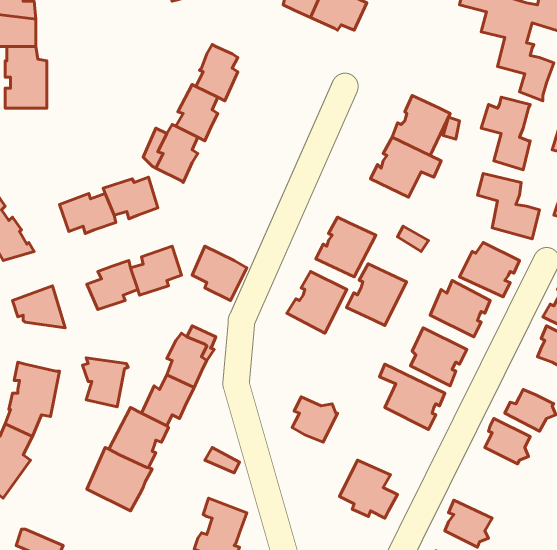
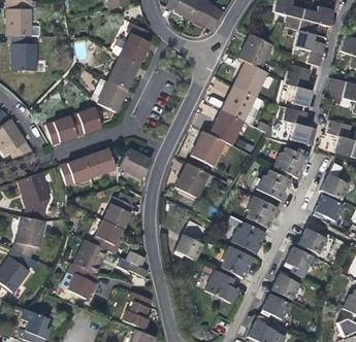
building: none -> [239,35,274,70]
building: [347,264,406,326] -> [209,110,244,145]
building: [83,358,128,407] -> [24,192,50,219]
building: none -> [220,245,253,278]
building: none -> [271,274,300,300]

